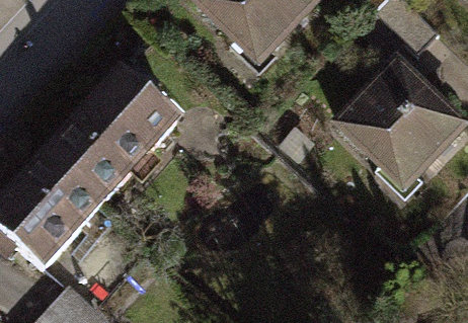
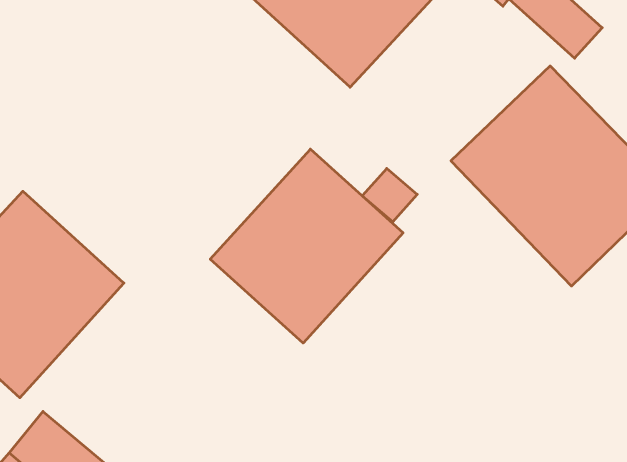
building: [48,62,184,198] -> none
building: none -> [210,149,403,343]

